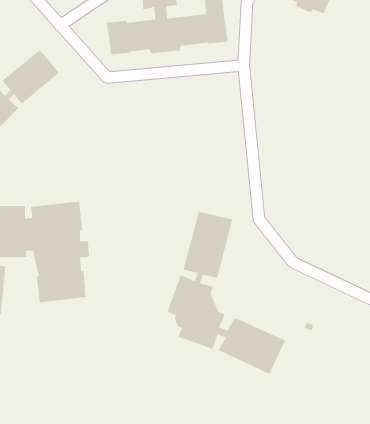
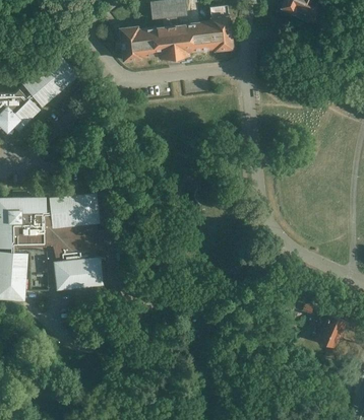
building: [167,211,286,375] -> none
building: none -> [314,311,344,348]

